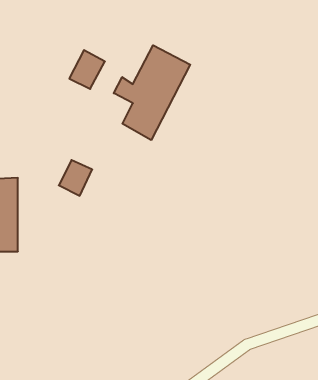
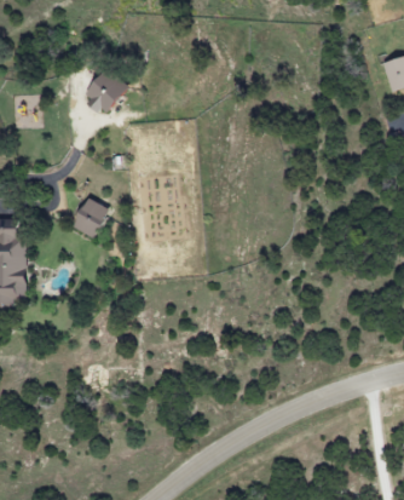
building: [114,45,190,140] -> none

